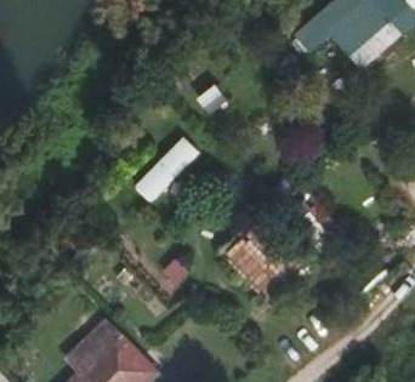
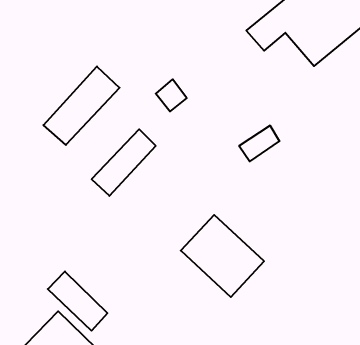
building: none -> [43,66,120,145]
building: none -> [48,271,107,331]

